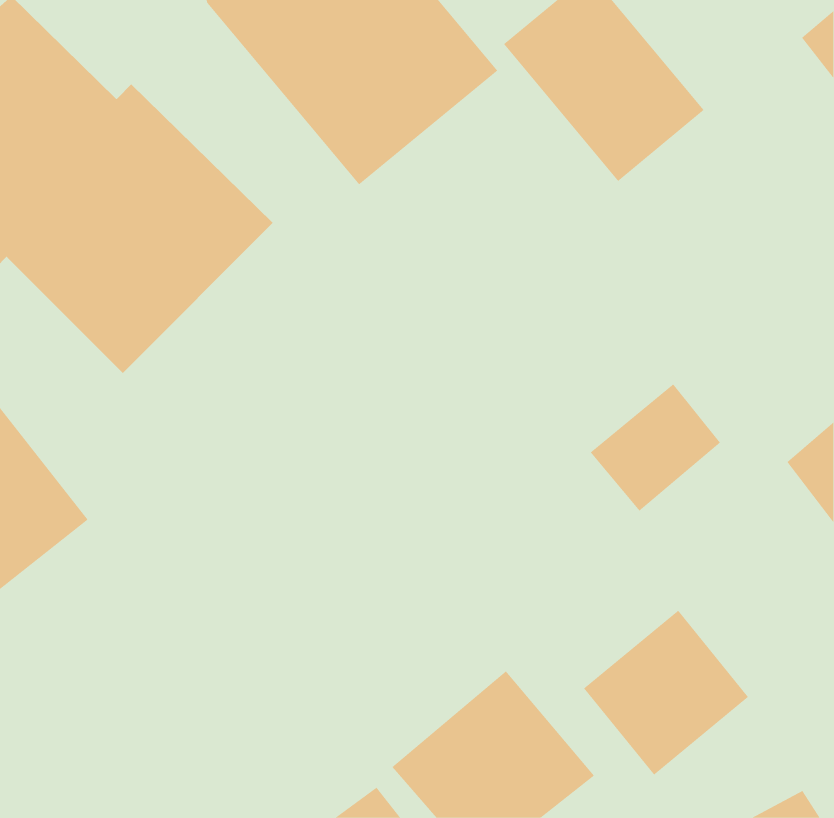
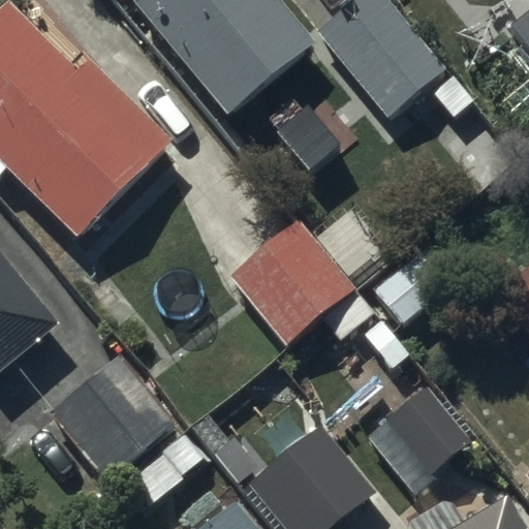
building: none -> [228,218,373,345]
building: none -> [51,354,175,477]

